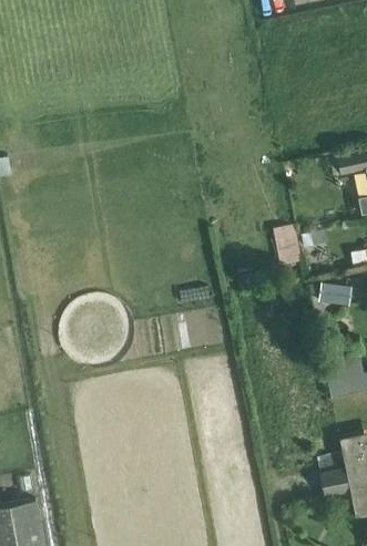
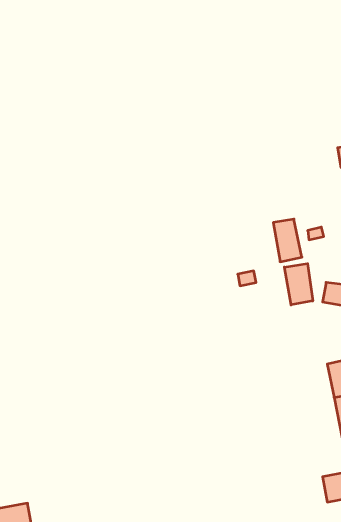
building: none -> [284,264,313,305]

